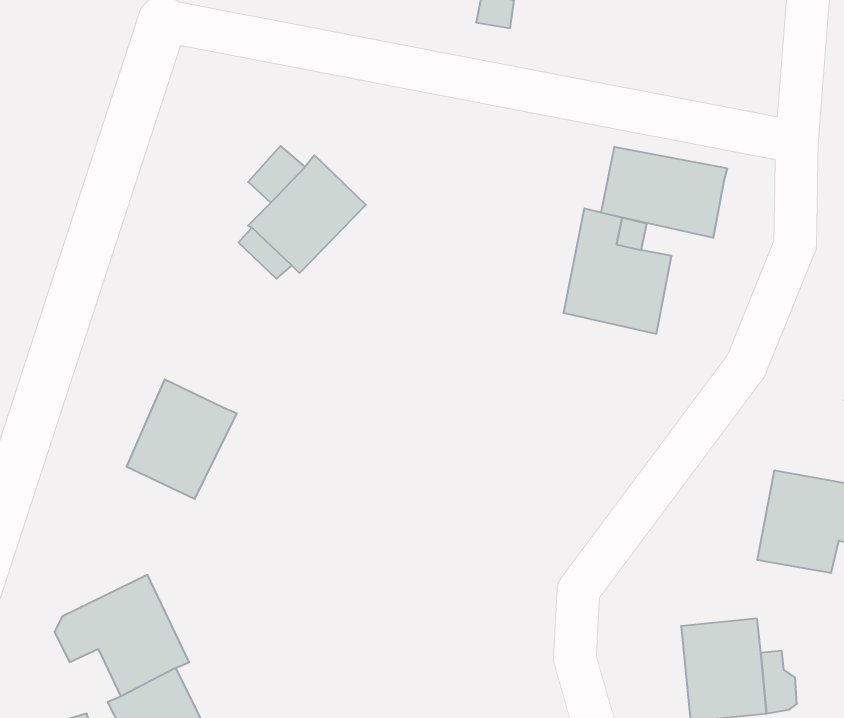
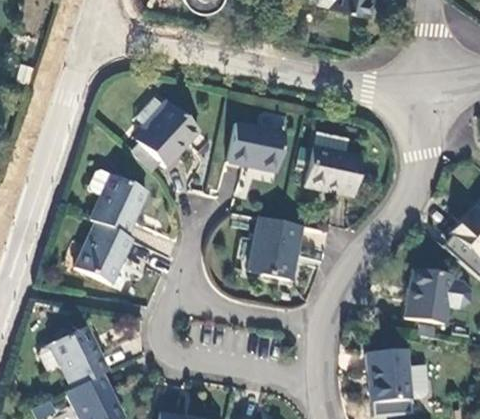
building: [601,147,727,238] -> none
building: none -> [228,122,285,172]
building: none -> [89,168,148,236]
building: none -> [248,216,301,280]

